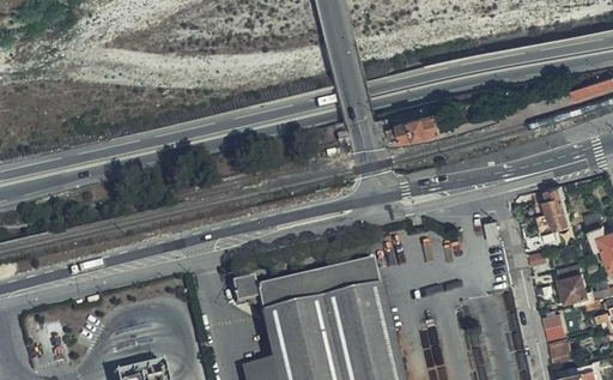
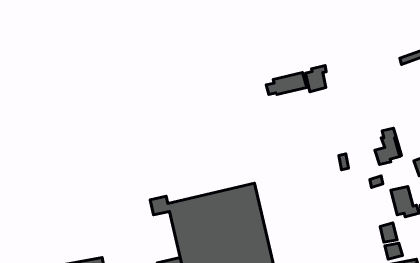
building: none -> [305,66,326,92]

